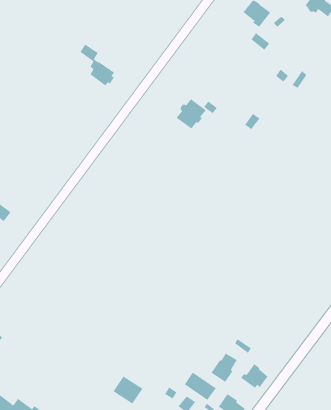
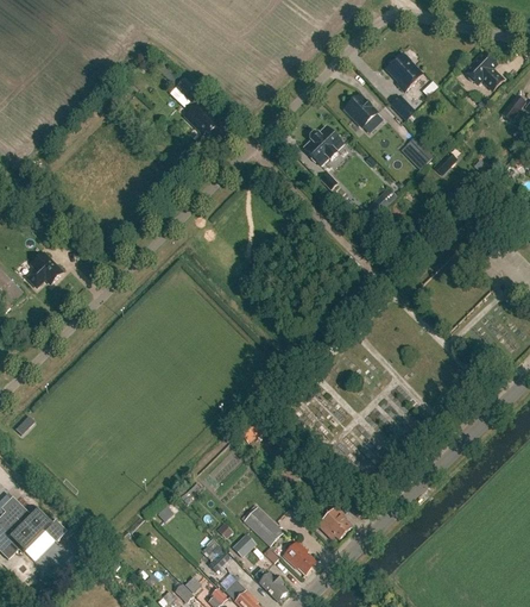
building: none -> [345,94,377,126]
building: [176,98,207,130] -> [303,126,343,165]
building: [211,352,238,383] -> none

